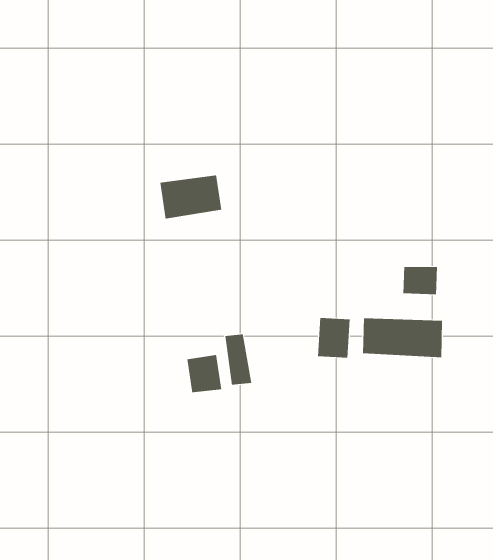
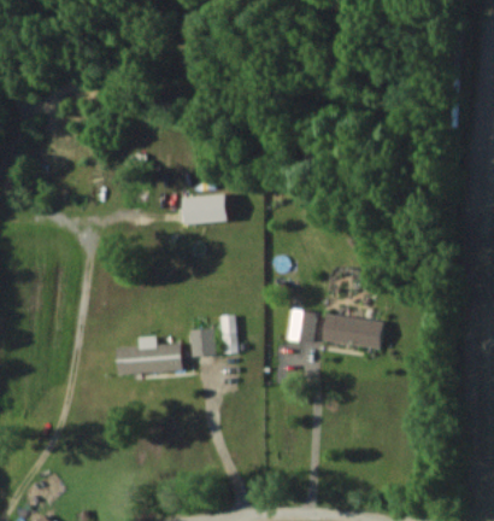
building: [403,266,438,295] -> none
building: none -> [117,338,182,374]

